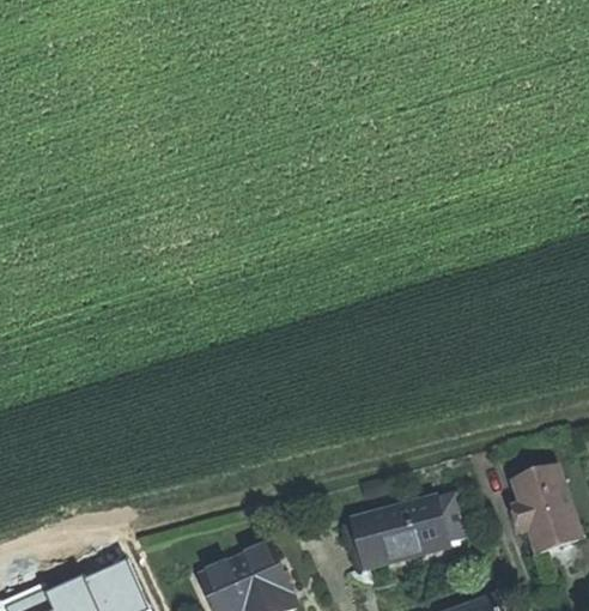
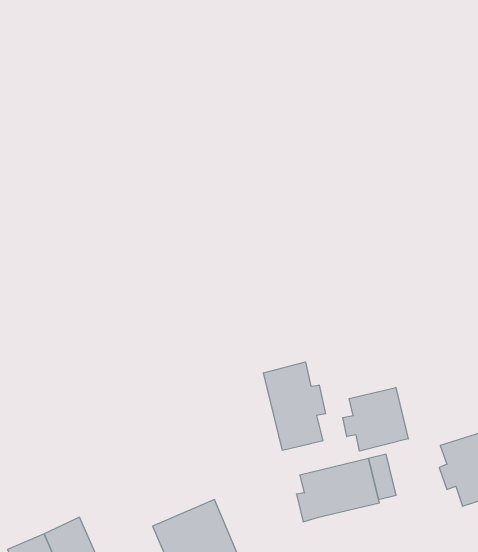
building: none -> [263,362,326,450]
building: none -> [343,387,408,451]

